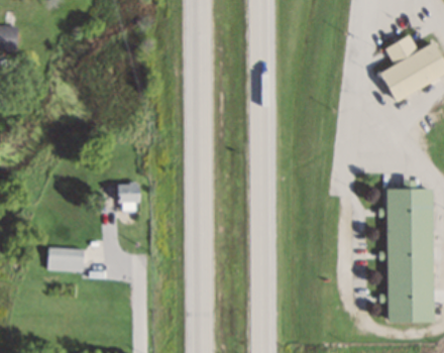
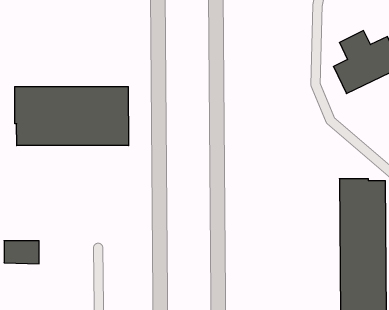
building: none -> [15,87,129,146]
building: [117,184,137,210] -> none

